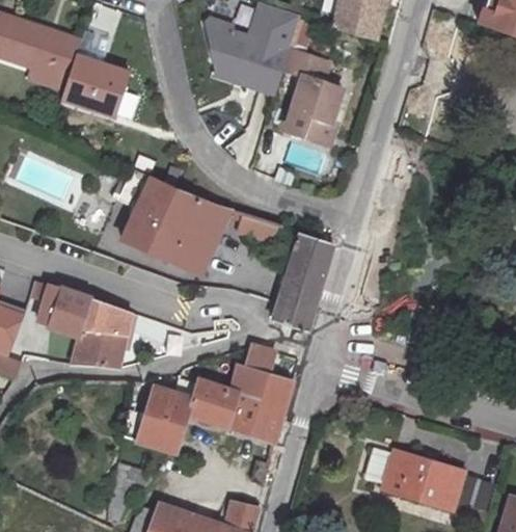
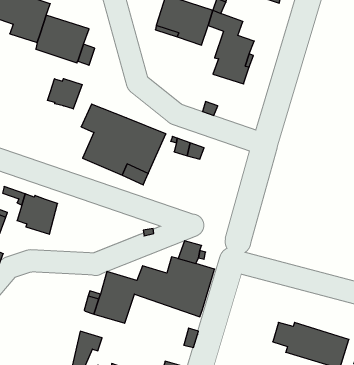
building: none -> [48,79,82,109]
building: [272,234,333,329] -> none
building: [72,297,133,367] -> none

